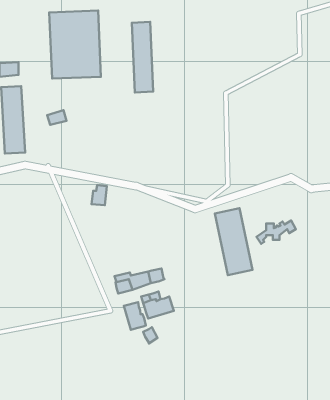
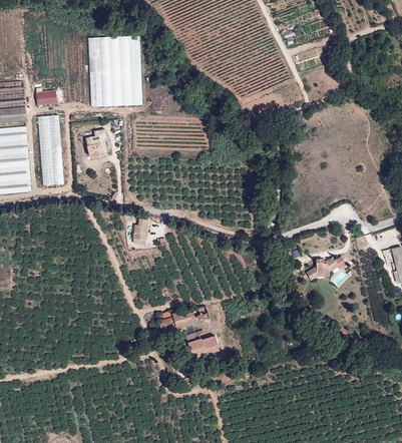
building: [132,22,153,92] -> none
building: [215,208,252,275] -> none
building: [124,302,146,330] -> none

